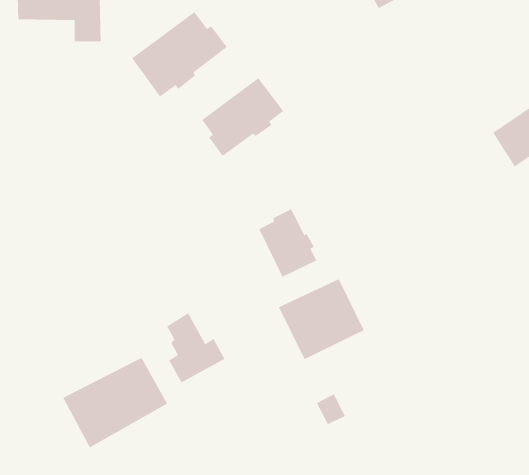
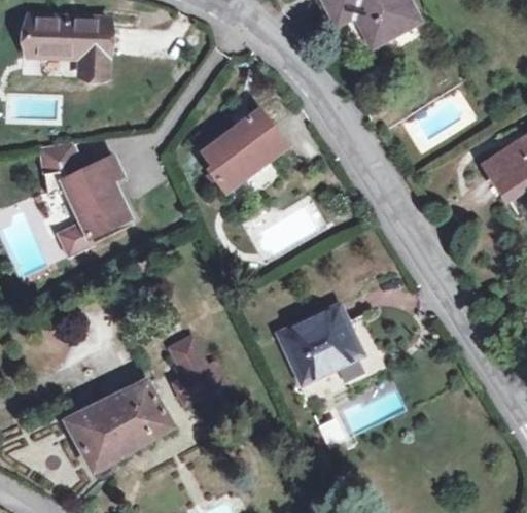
building: [131,11,228,97] -> none
building: none -> [41,145,131,258]
building: [258,208,317,278] -> none

